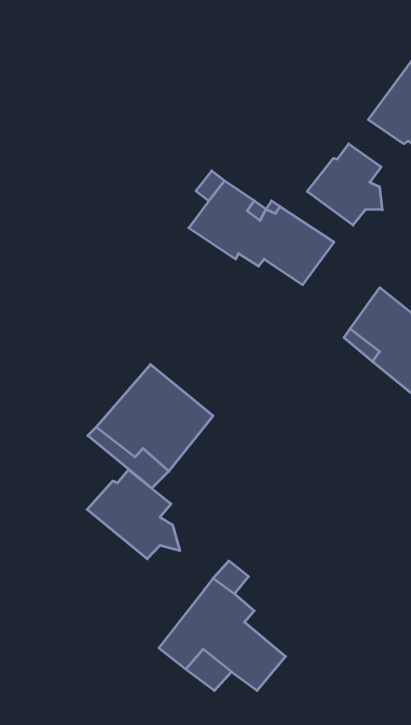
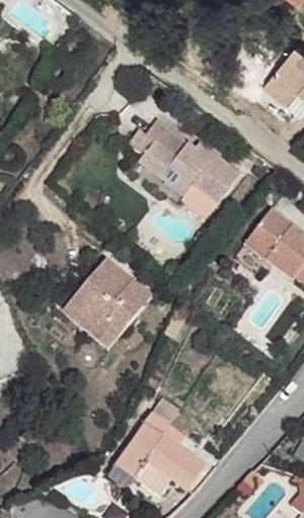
building: [307,144,382,225] -> none
building: [87,470,180,559] -> none

